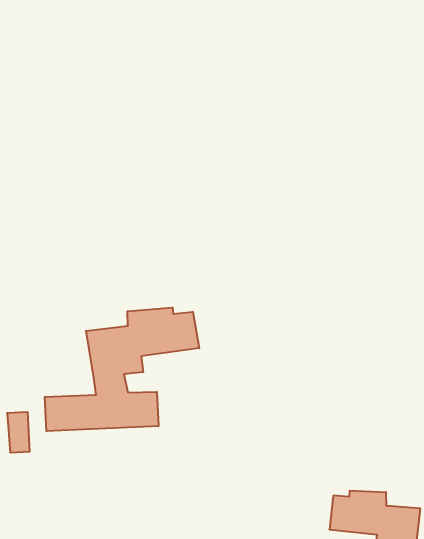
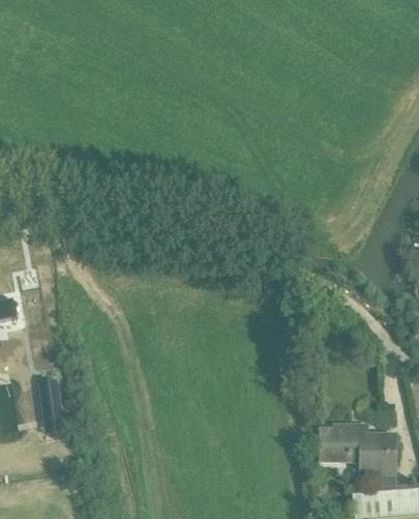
building: [45,307,199,431] -> none

